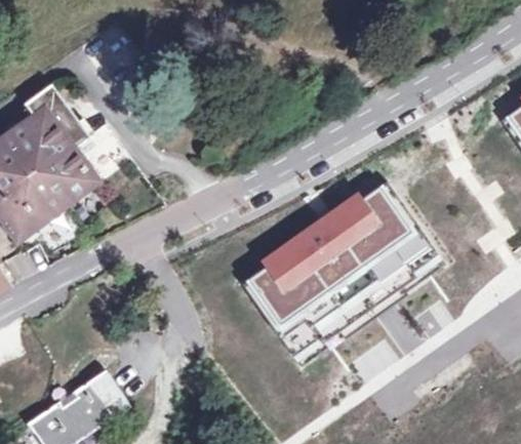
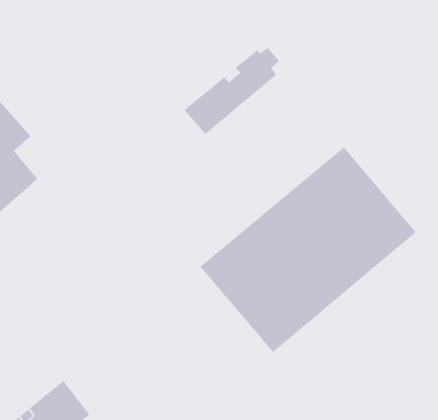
building: none -> [184,47,280,135]

